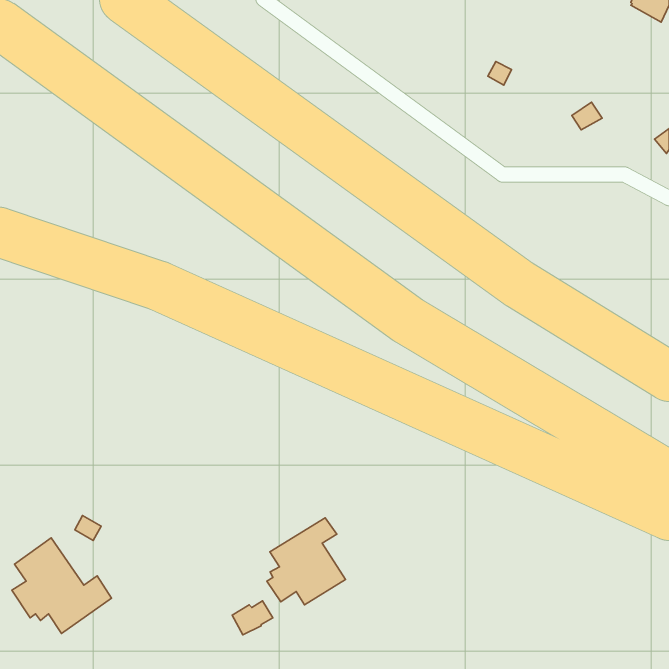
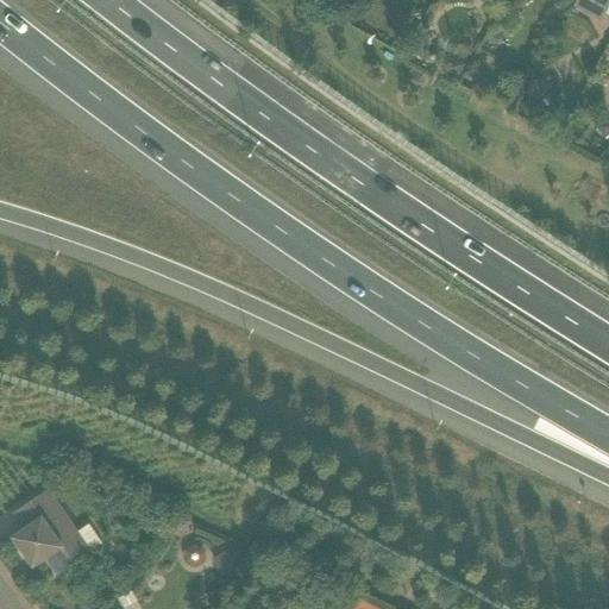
building: [267,518,345,605] -> none

